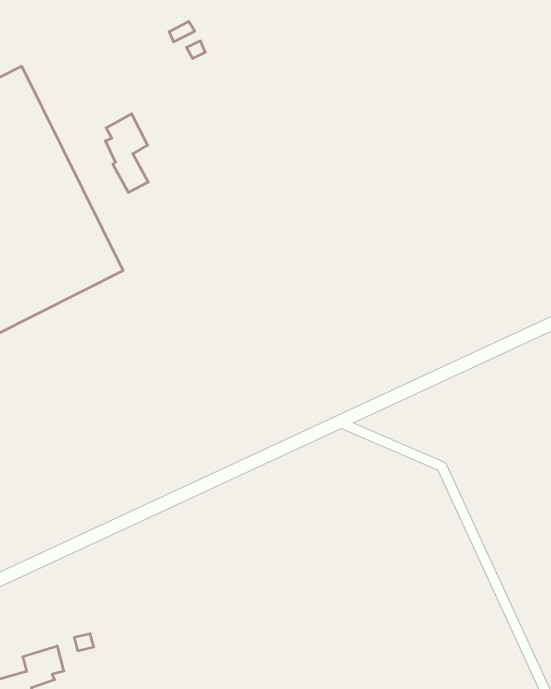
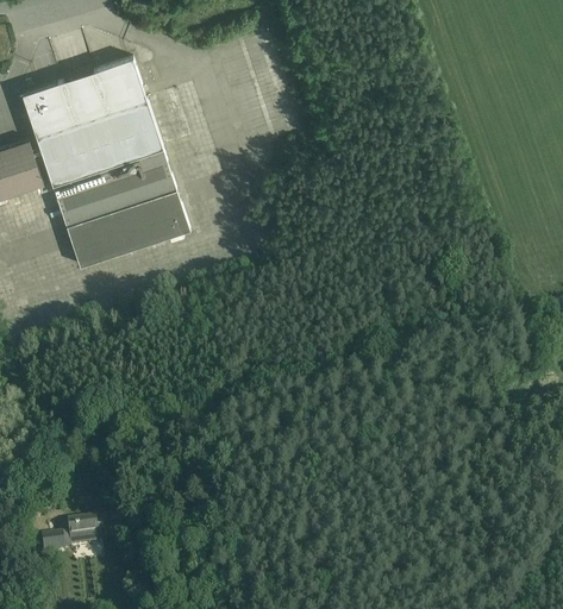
building: [105,114,148,192] -> none

